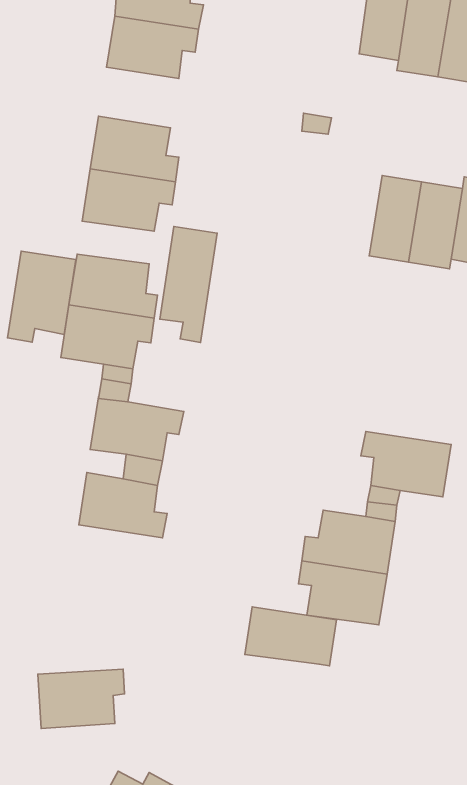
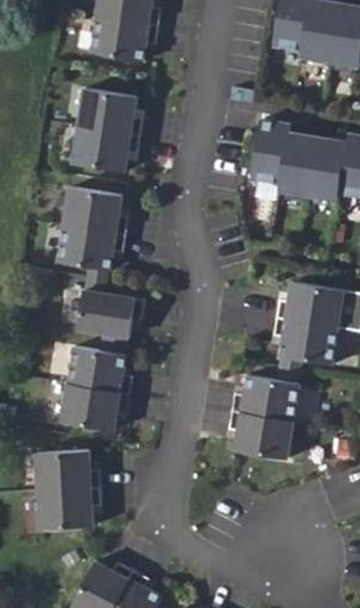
building: none -> [250,119,289,183]
building: [160,226,217,342] -> none
building: [8,251,76,342] -> none
building: none -> [276,281,342,327]
building: none -> [61,385,128,431]
building: [245,607,336,666] -> none
building: none -> [36,452,100,493]

